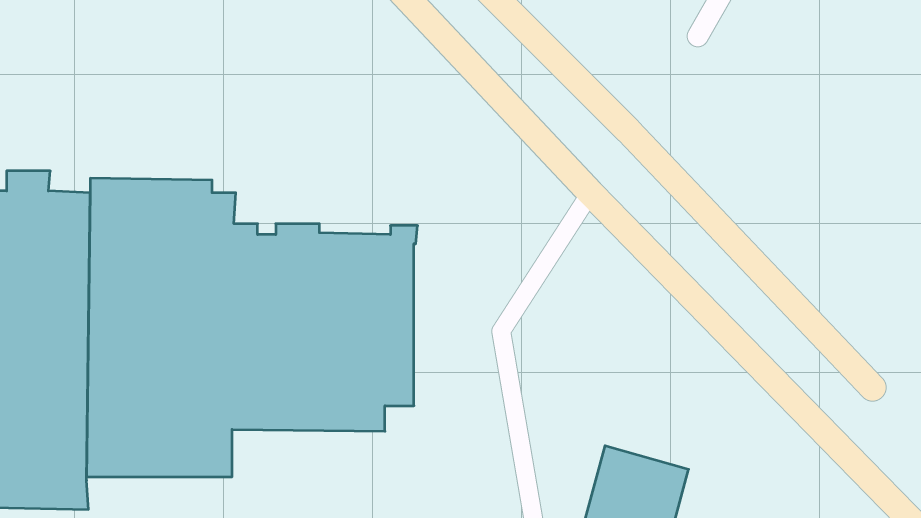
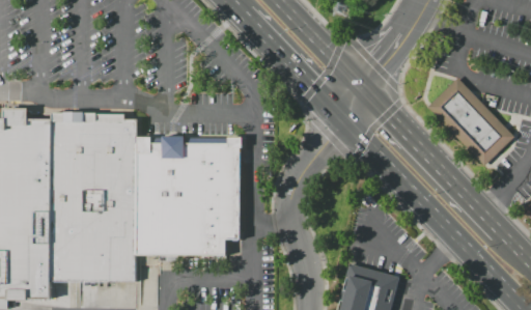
building: none -> [426,78,514,166]

